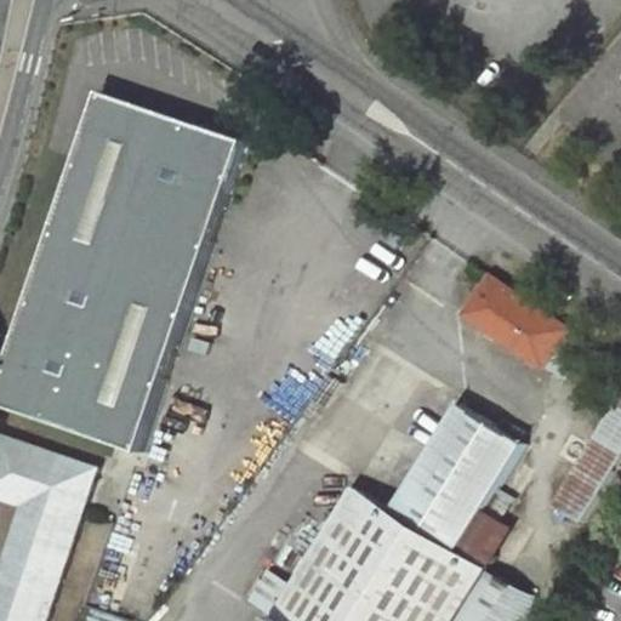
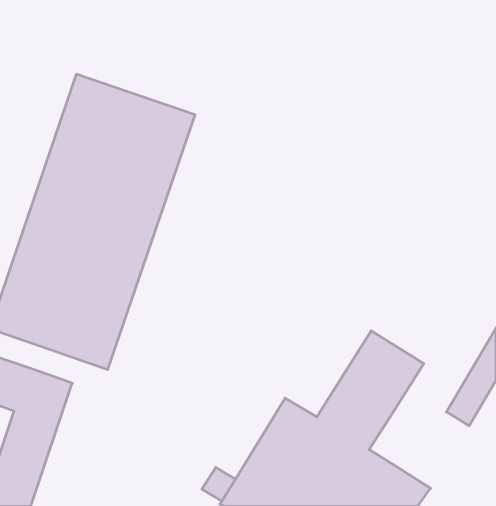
building: [458,278,571,380] -> none
building: [452,511,507,569] -> none

